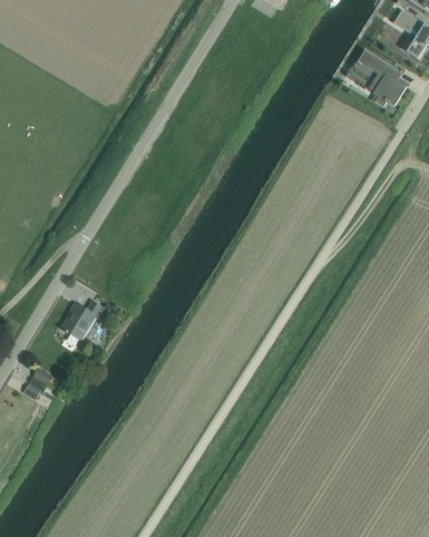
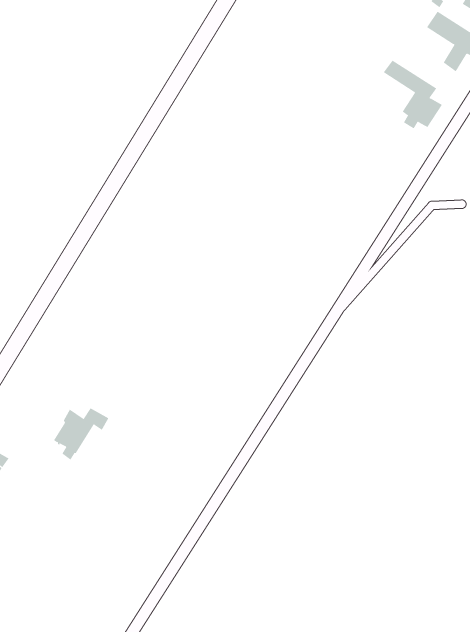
building: [61,302,107,345] -> [53,407,109,460]

